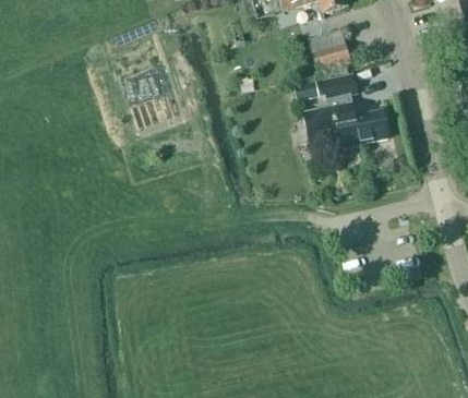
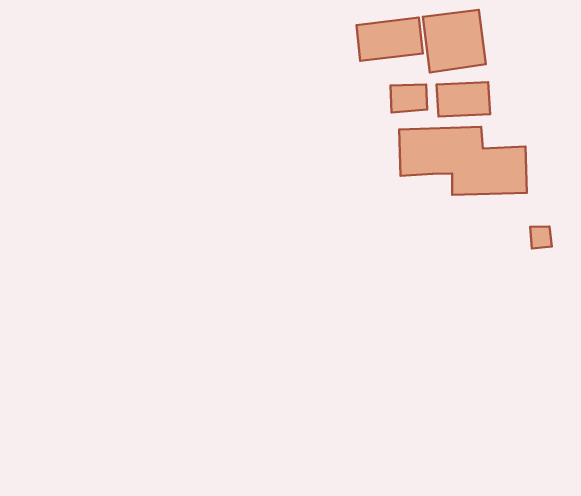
building: none -> [356,17,423,61]

